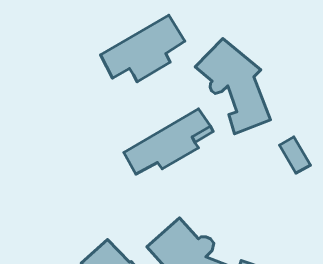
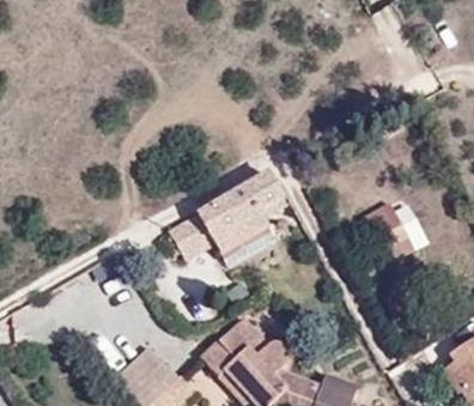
building: [101,15,185,82] -> none
building: [195,39,270,134] -> none

